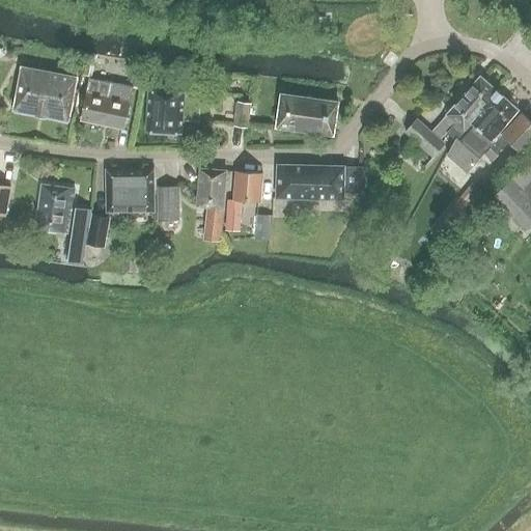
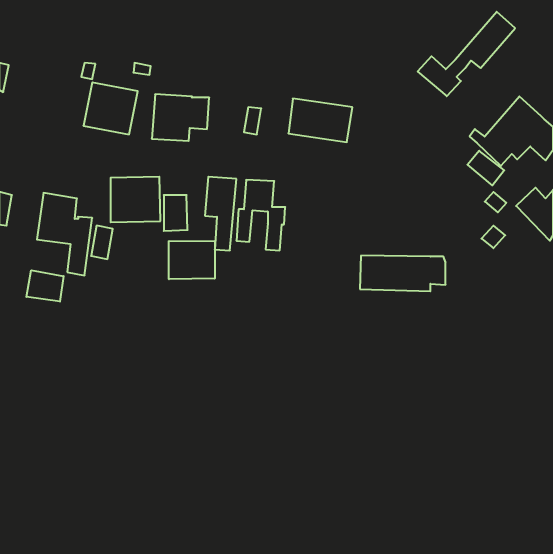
building: [12,67,76,121] -> none
building: [403,77,497,158] -> [418,12,515,96]
building: [276,166,358,200] -> [360,256,446,291]
building: none -> [169,241,215,279]
building: none -> [26,270,64,302]

